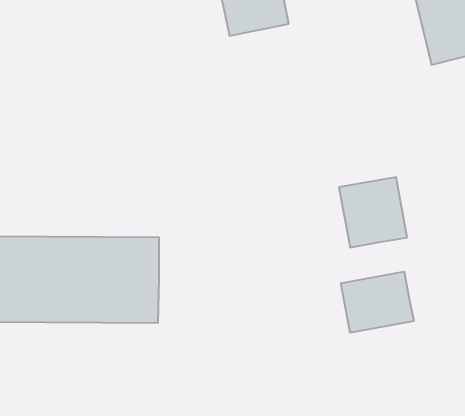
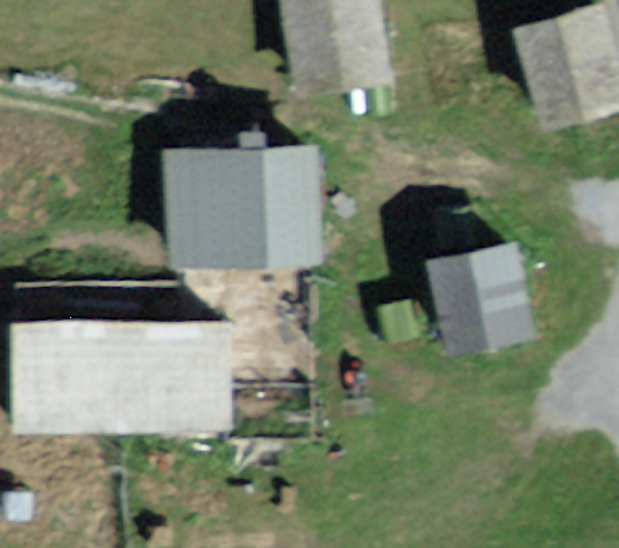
building: none -> [175,156,311,258]
building: [341,272,414,333] -> none

